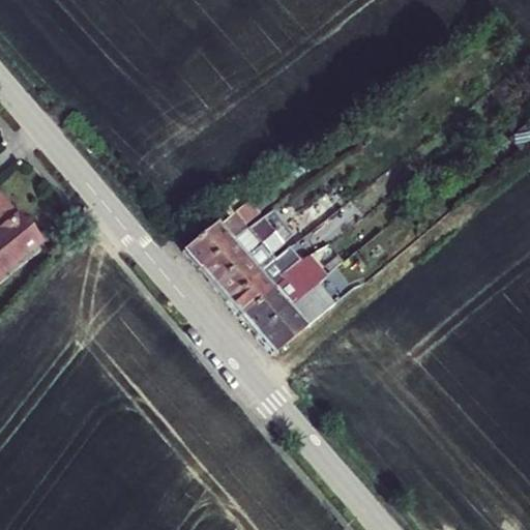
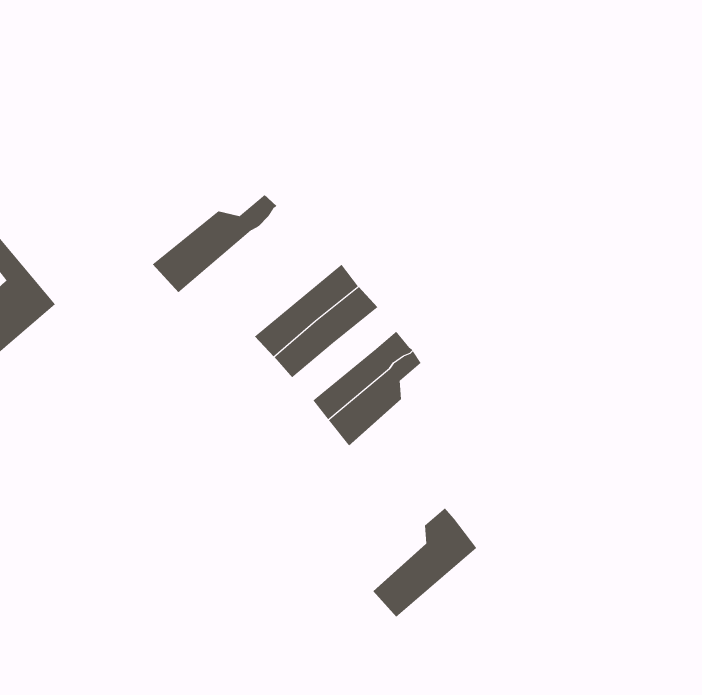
building: none -> [152,194,278,293]
building: [216,228,289,297] -> none
building: [259,269,336,351] -> [372,507,477,618]

